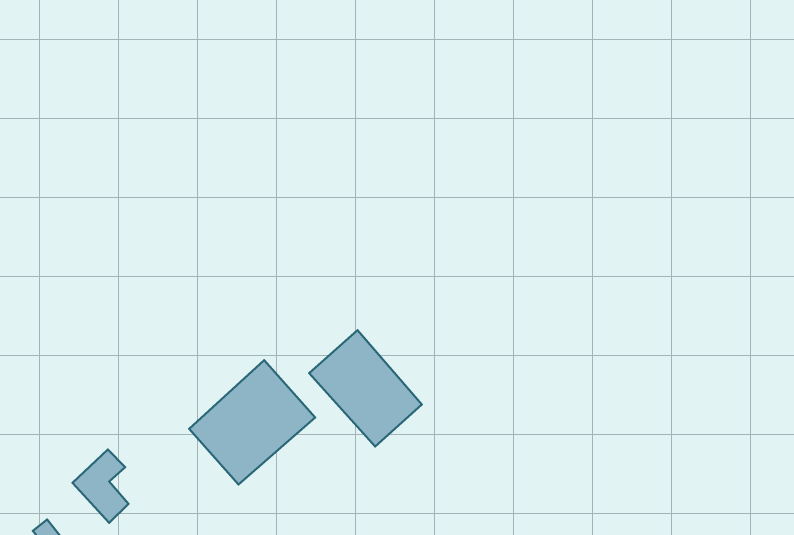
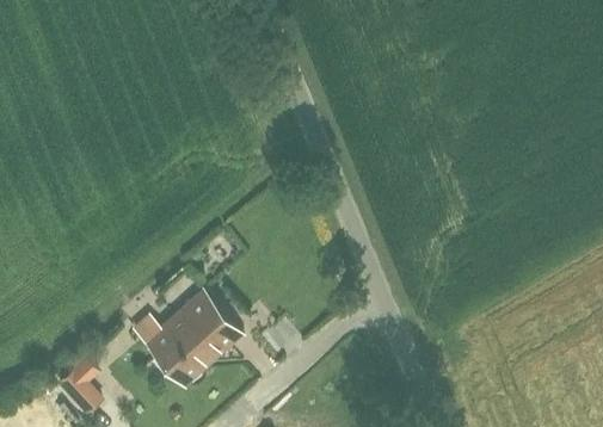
building: [309,330,422,446] -> none

